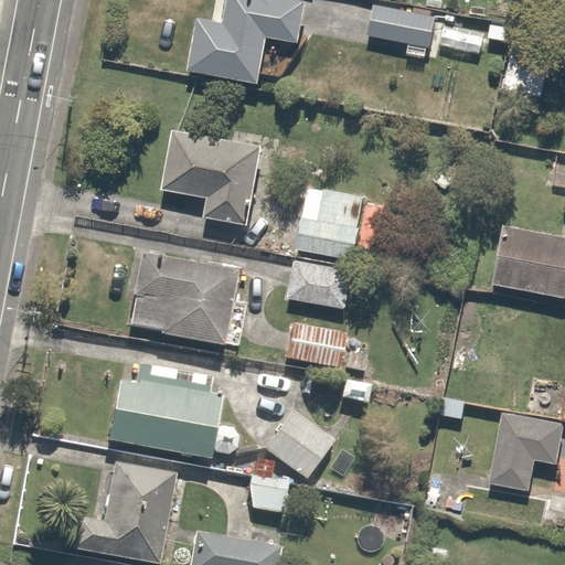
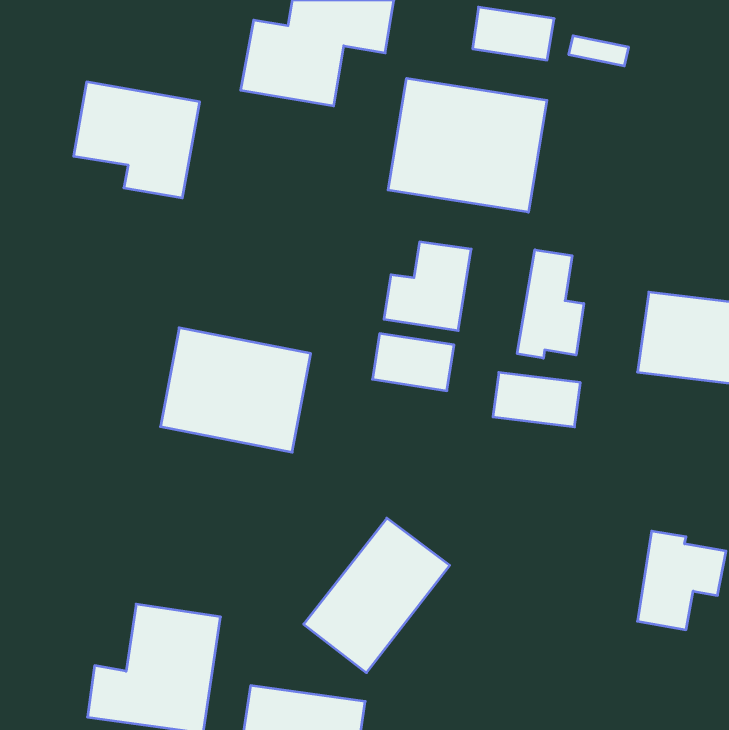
building: none -> [388,78,547,212]
building: [164,132,262,222] -> [74,82,200,198]
building: none -> [517,250,584,358]
building: [289,322,356,364] -> [493,372,580,427]
building: [107,375,223,460] -> none

